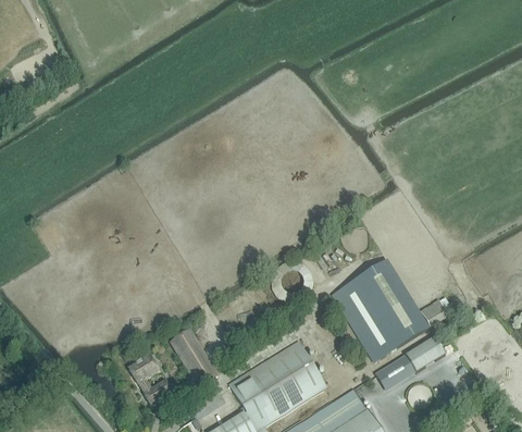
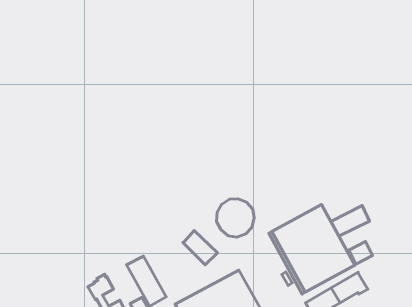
building: none -> [331,206,369,236]
building: none -> [183,230,217,265]

